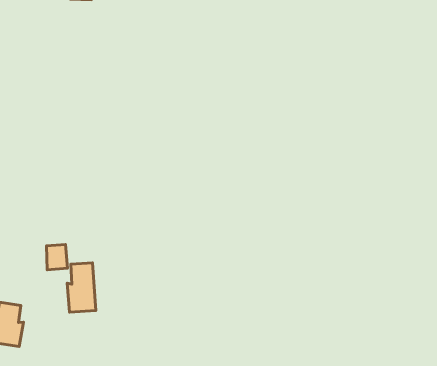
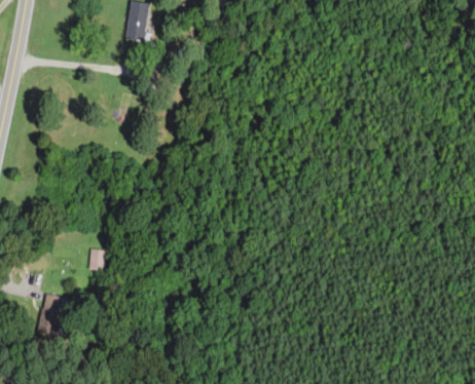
building: [67,263,96,312] -> none

